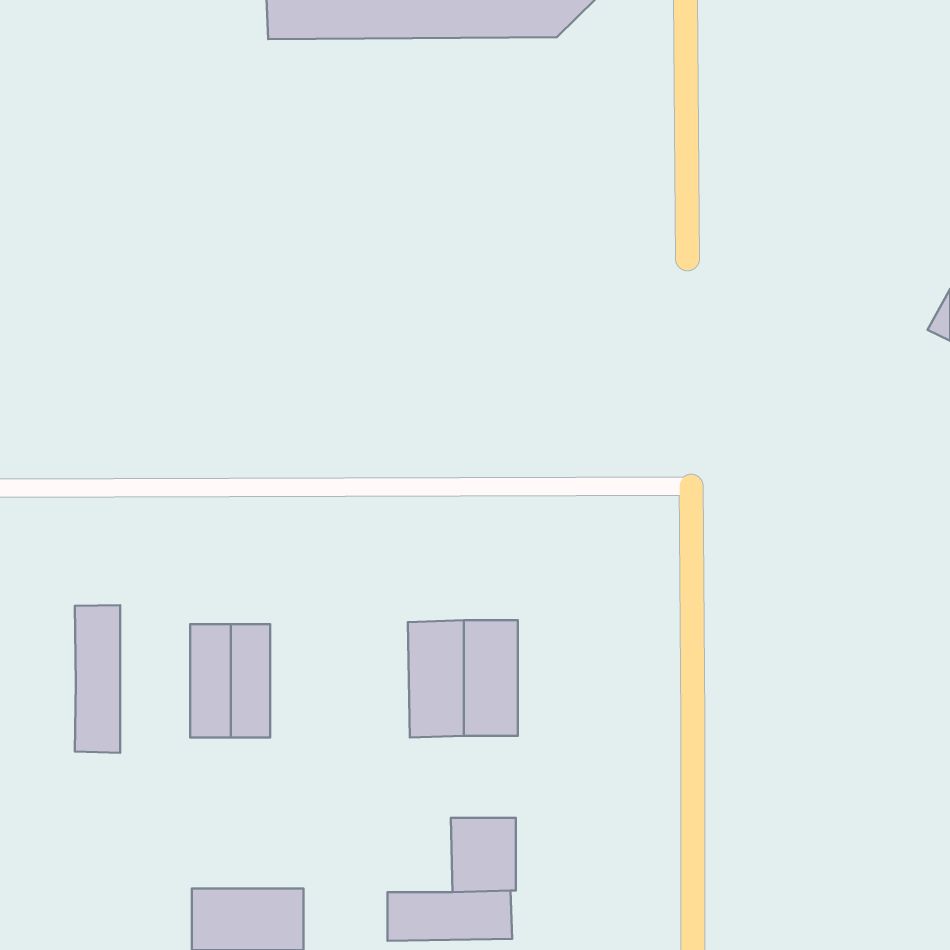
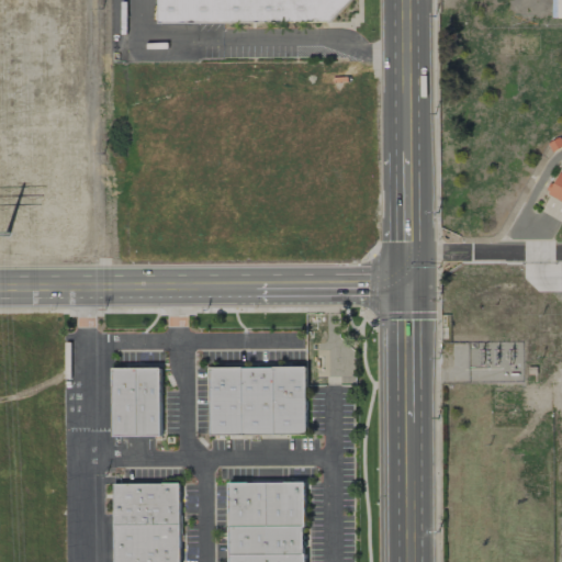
building: [75,605,120,753] -> none
building: none -> [209,367,241,435]
building: none -> [227,482,267,526]
building: none -> [113,483,179,524]

